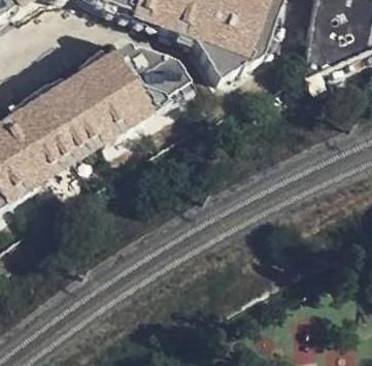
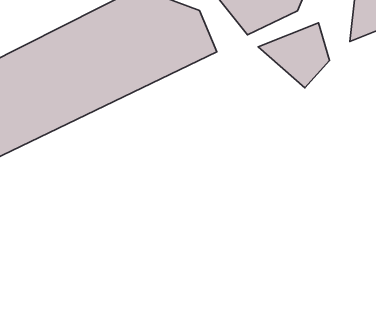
building: none -> [258,23,330,88]

